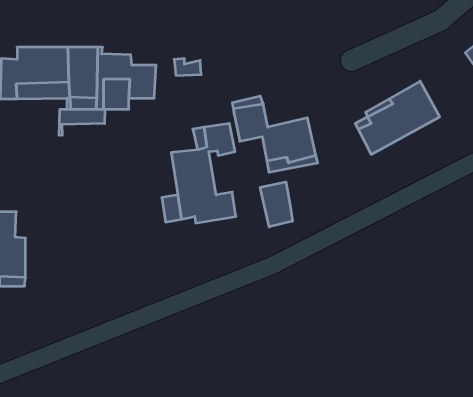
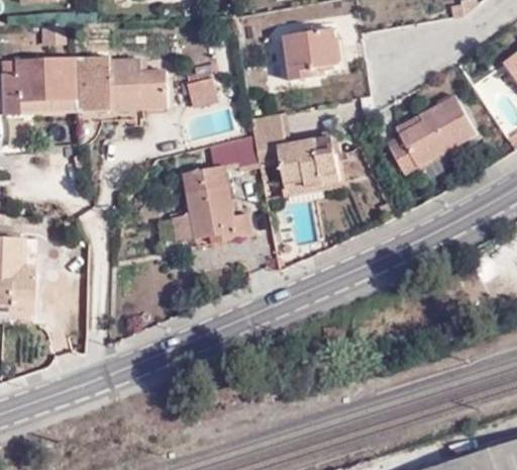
building: none -> [282,26,338,79]
building: [59,109,105,135] -> none
building: [260,182,292,227] -> none

